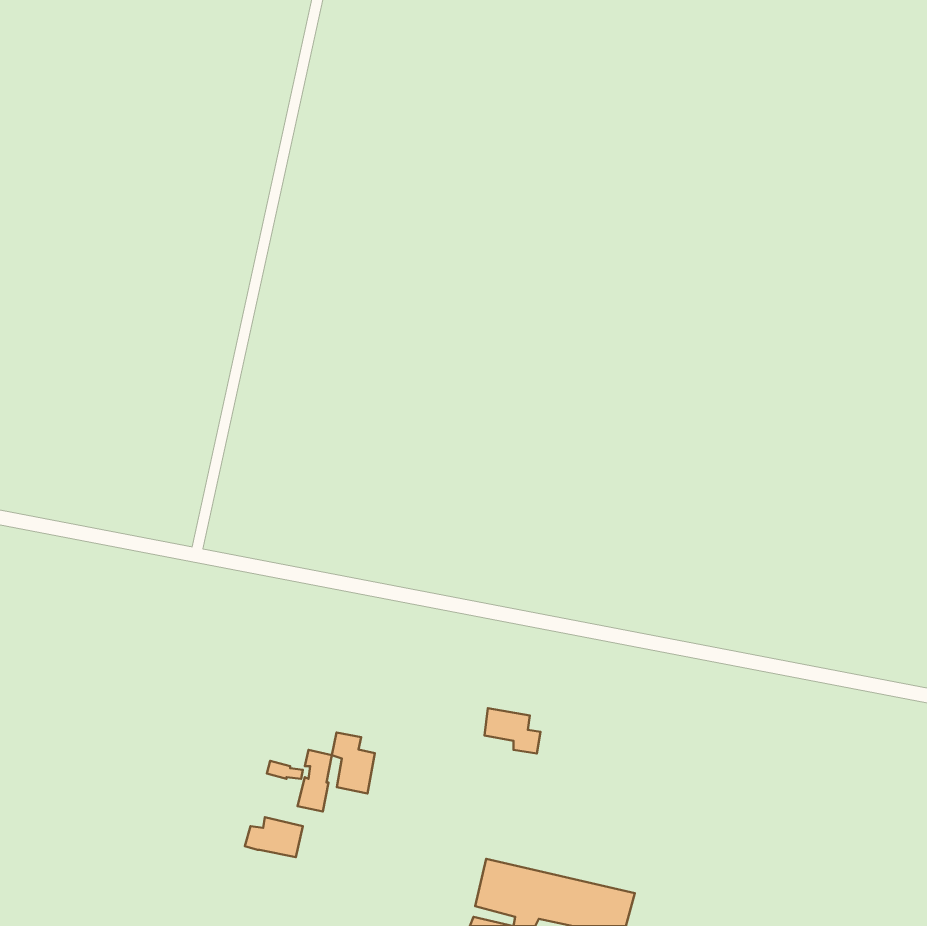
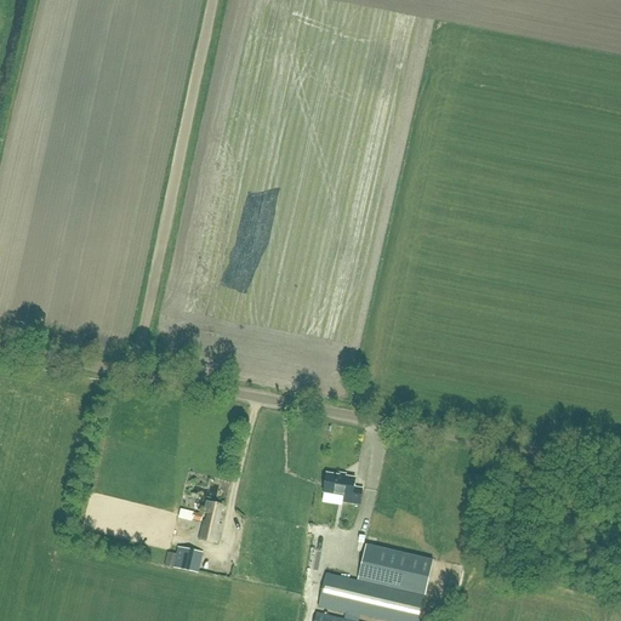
building: [332,733,375,794] -> none
building: none -> [358,545,433,596]

